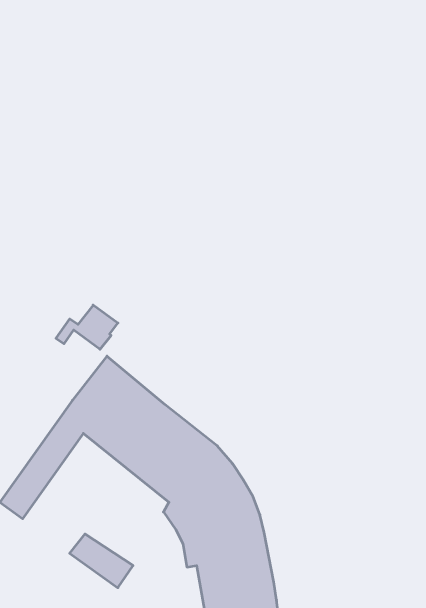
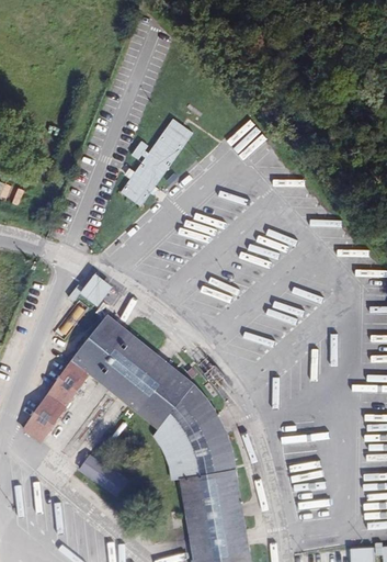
building: none -> [119,117,192,205]

